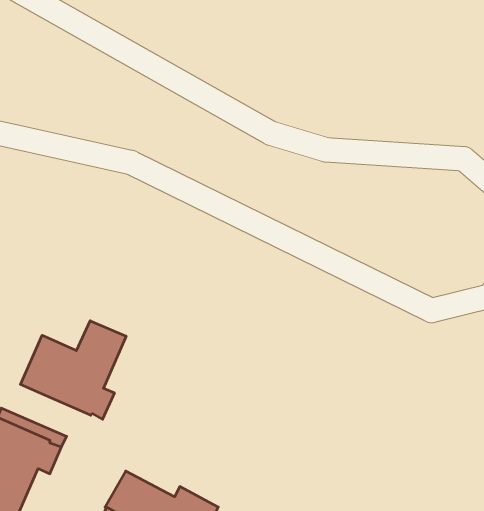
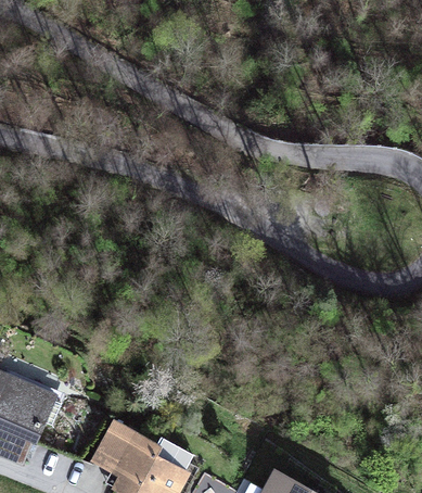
building: [20,321,126,419] -> none

